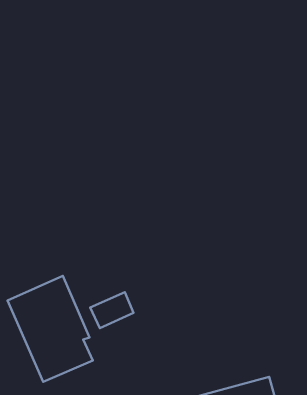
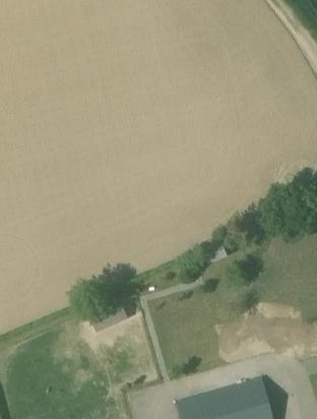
building: [7,276,93,382] -> none

